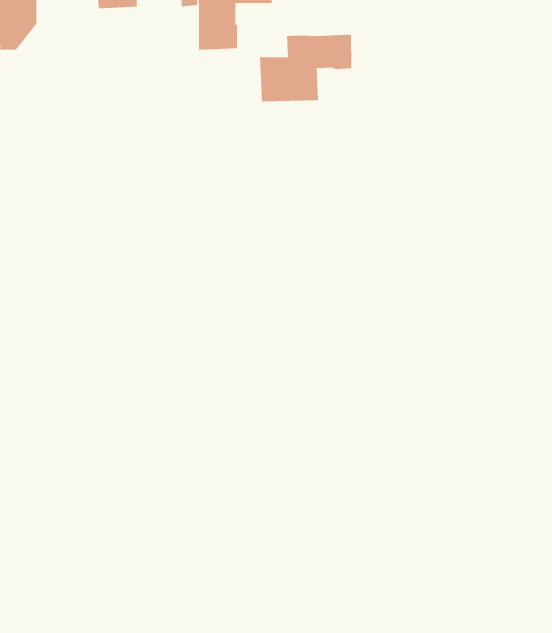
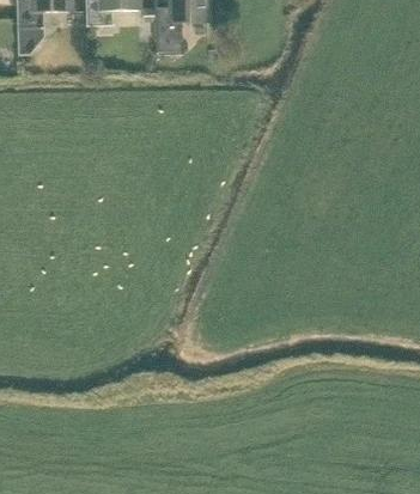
building: [259,34,352,102] -> none

